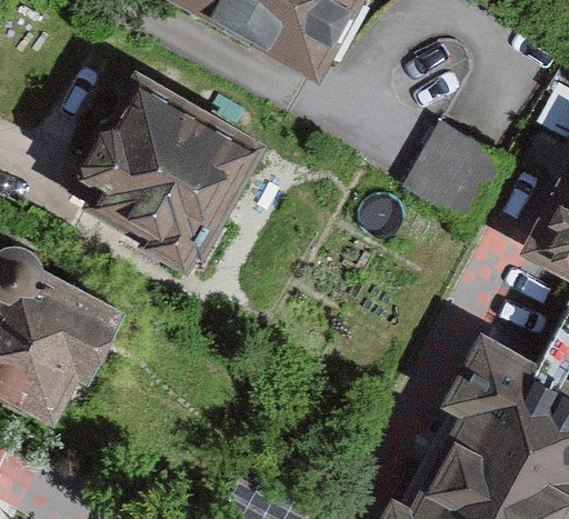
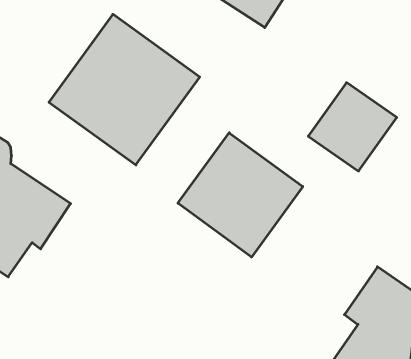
building: none -> [178,133,303,257]

